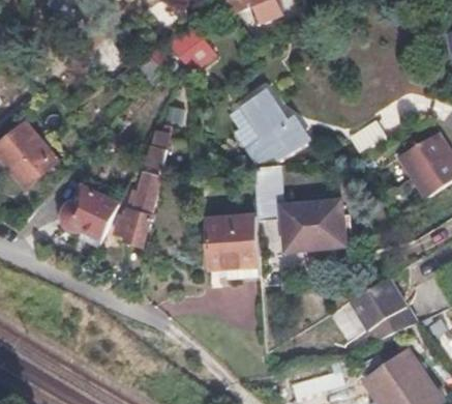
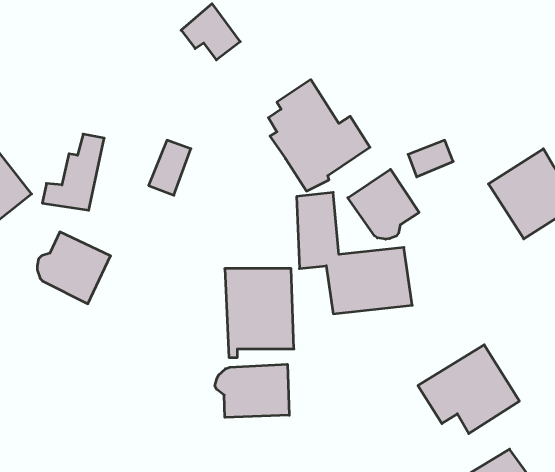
building: none -> [348,169,419,239]
building: [116,178,161,234] -> [42,134,104,210]
building: none -> [215,364,289,417]

